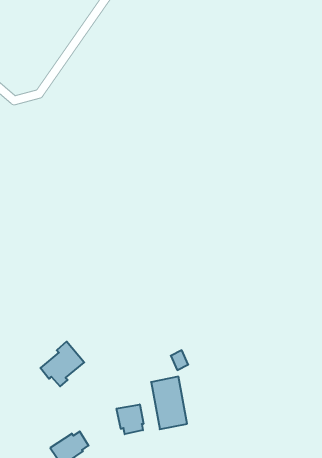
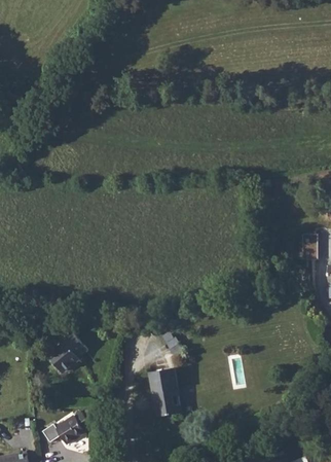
building: [117,404,143,434] -> none

